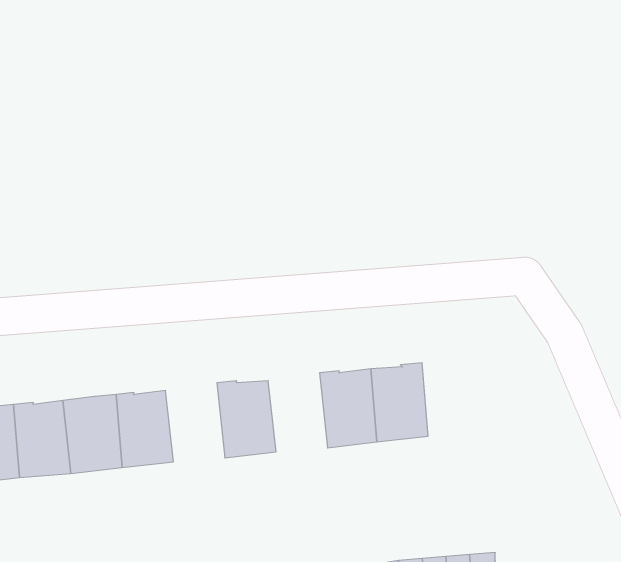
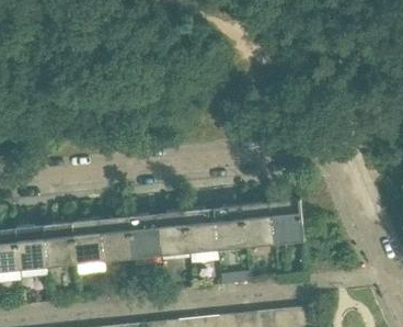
building: none -> [268,200,302,244]
building: none -> [183,208,216,252]
building: none -> [126,214,159,258]

